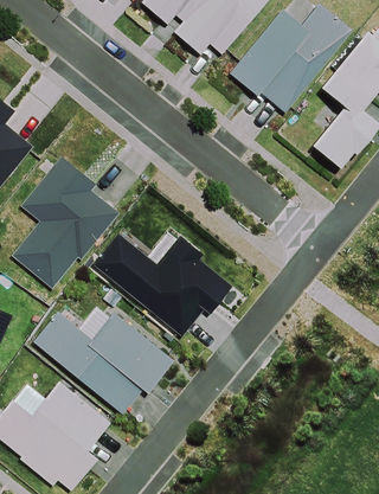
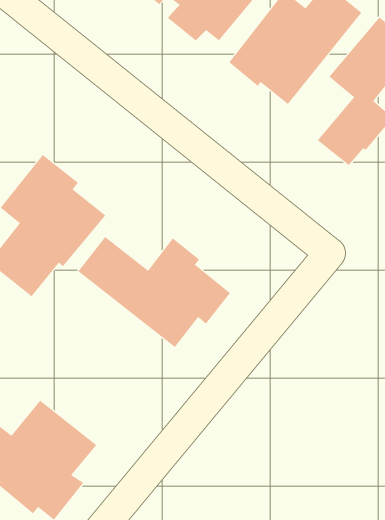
building: [32,310,174,412] -> none

